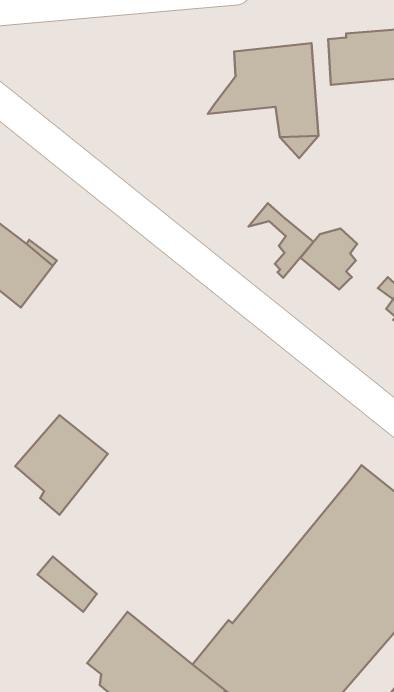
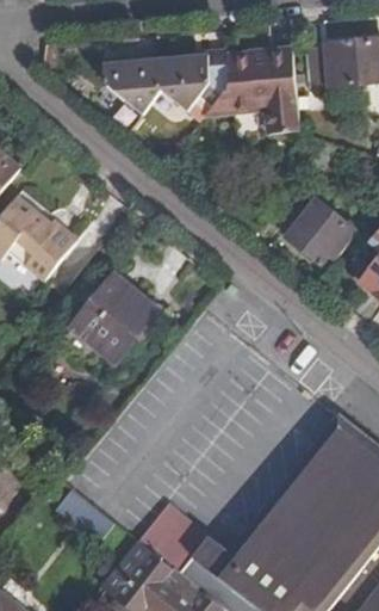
building: none -> [102,55,230,111]
building: [248,203,314,278] -> [303,195,359,259]
building: [15,415,108,515] -> [74,270,154,356]
building: none -> [137,501,224,586]

